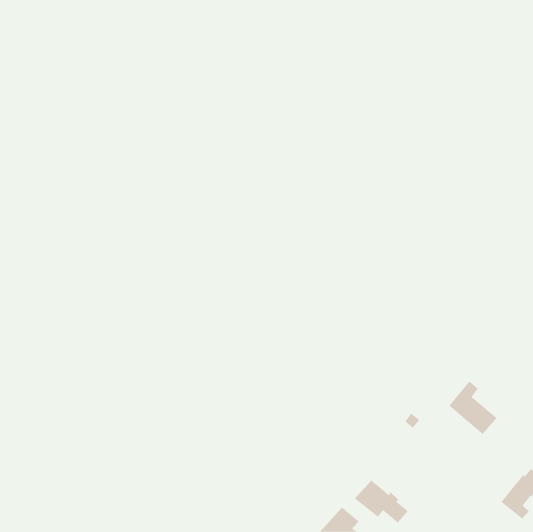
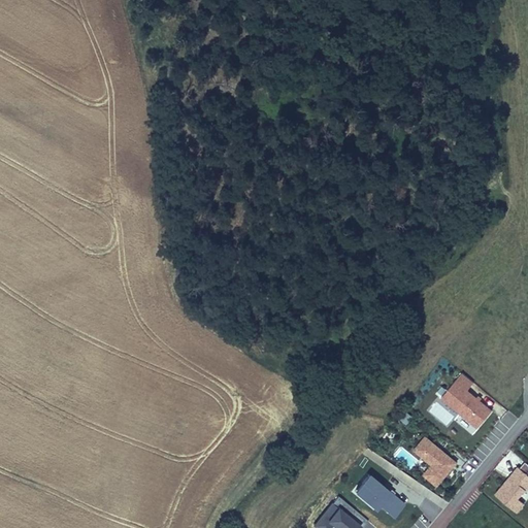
building: none -> [415,438,456,487]

